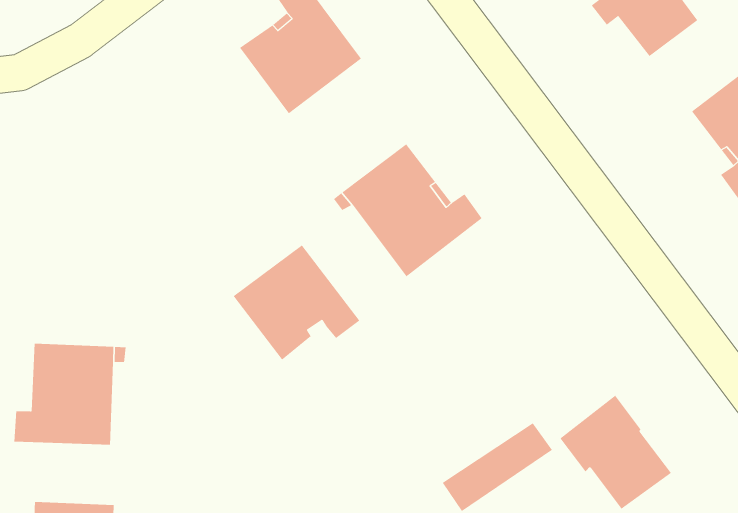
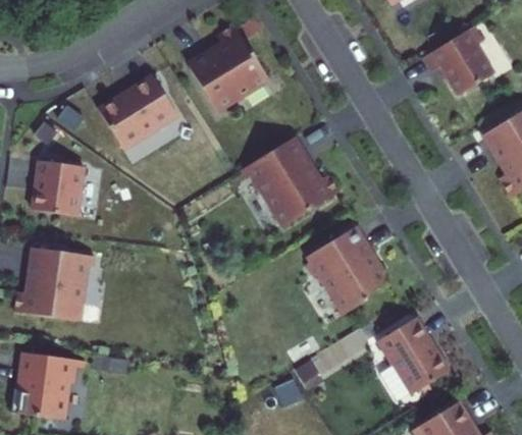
building: none -> [98,74,177,147]
building: none -> [32,160,84,216]
building: [233,244,360,360] -> none
building: none -> [311,224,392,313]

